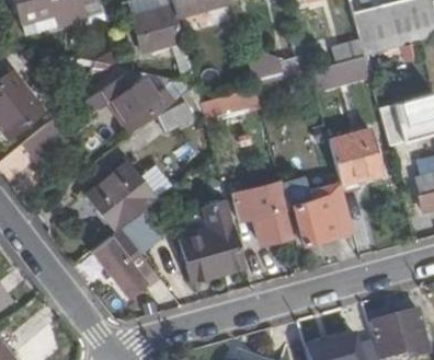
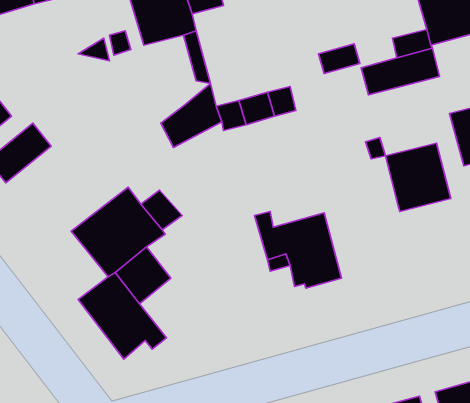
building: [87,73,174,130] -> none
building: [292,178,353,242] -> none
building: [179,201,244,282] -> none

